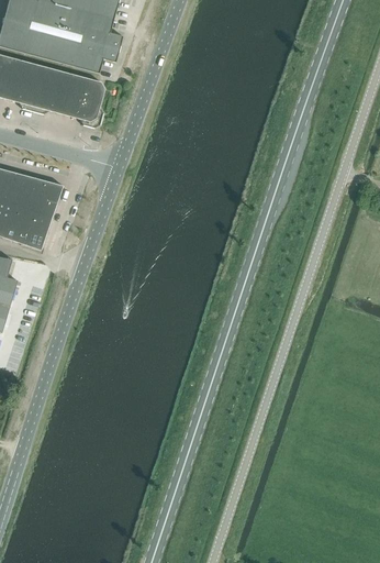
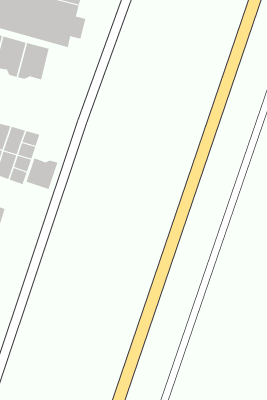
building: [64,74,103,128] -> none
building: none -> [26,158,58,190]

